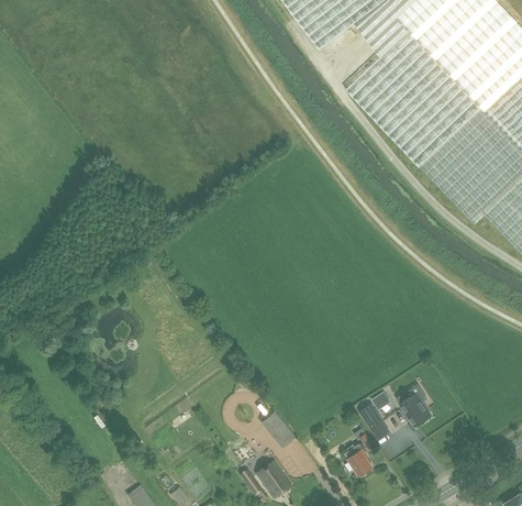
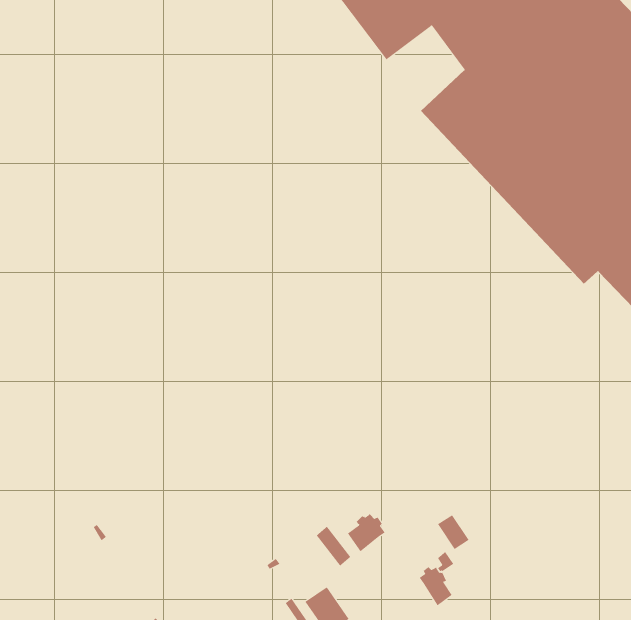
building: [397,391,431,427] -> none
building: none -> [347,513,385,552]

